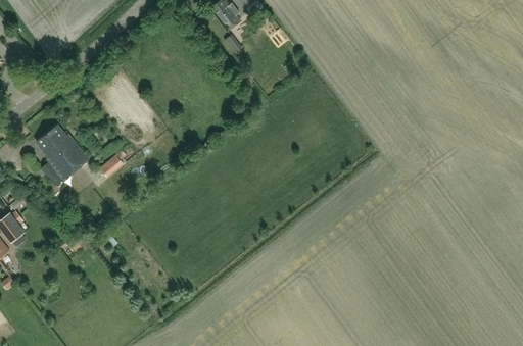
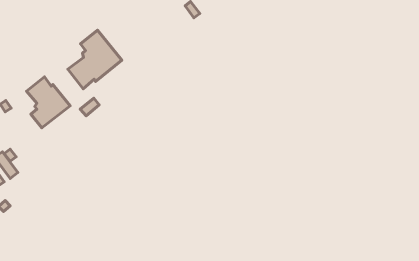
building: none -> [68,30,122,89]

